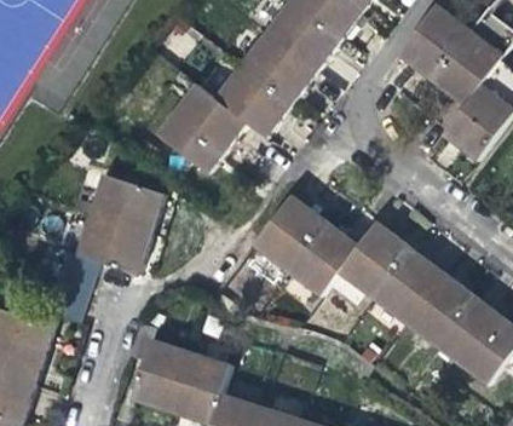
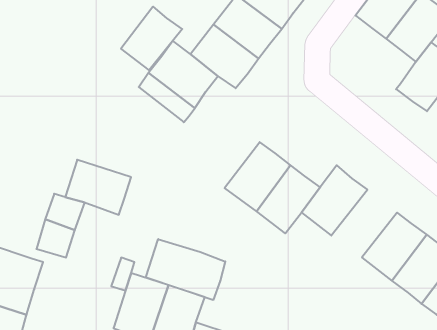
building: none -> [121,7,182,70]
building: [92,173,165,232] -> none
building: [371,246,444,321] -> none
building: none -> [146,239,225,300]

